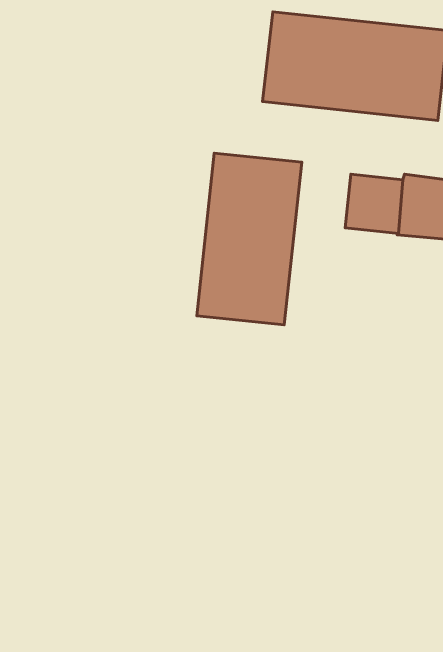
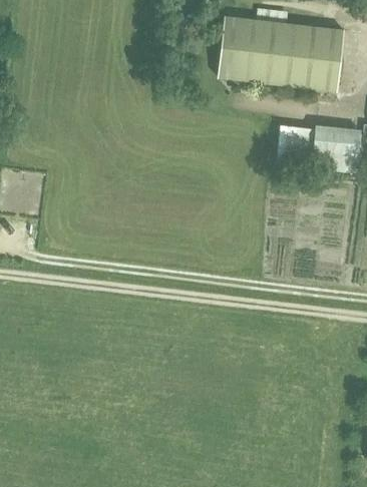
building: [197,153,302,325] -> none

